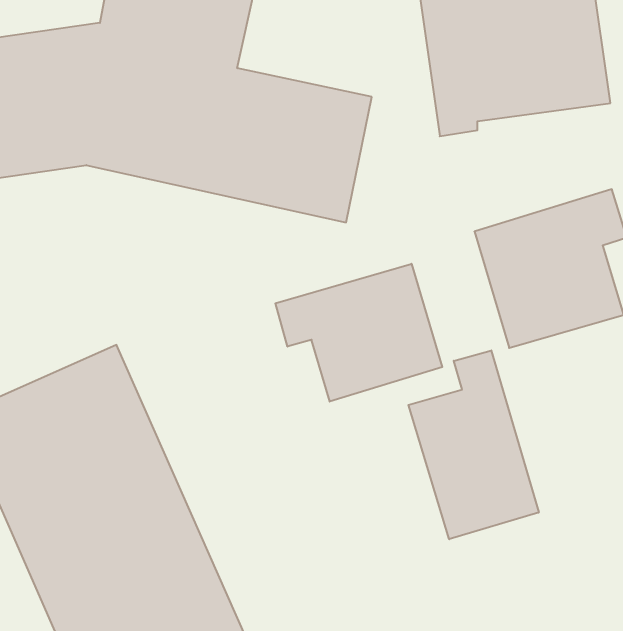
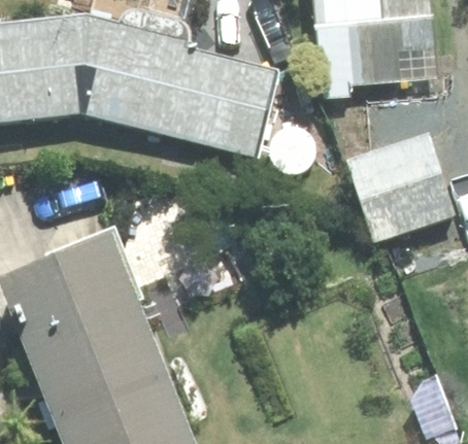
building: [275,264,442,402] -> none
building: [408,350,539,539] -> none

